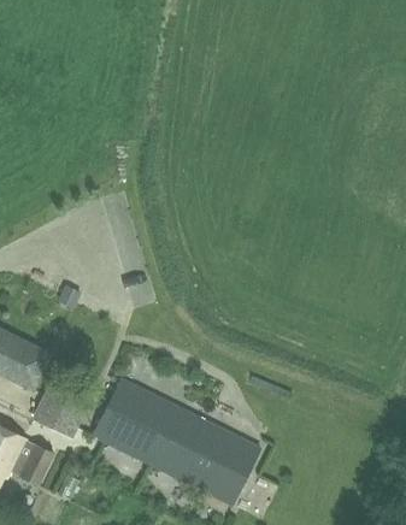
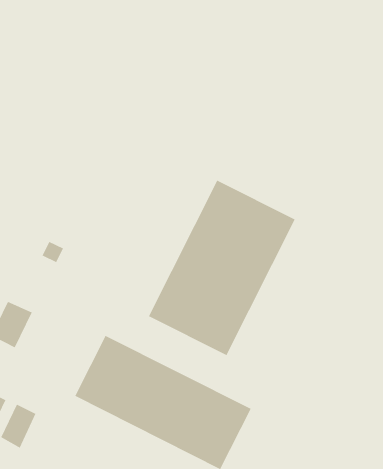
building: none -> [148,180,296,356]
building: [49,394,86,432] -> none

